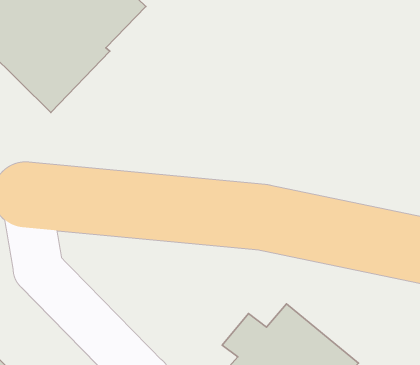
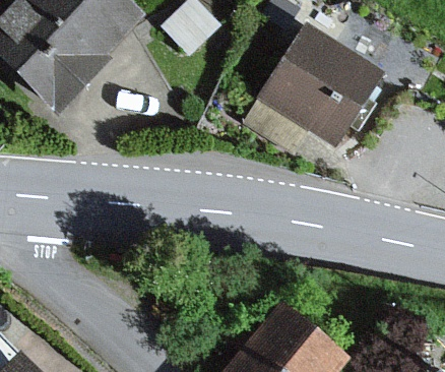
building: none -> [254,18,386,150]

